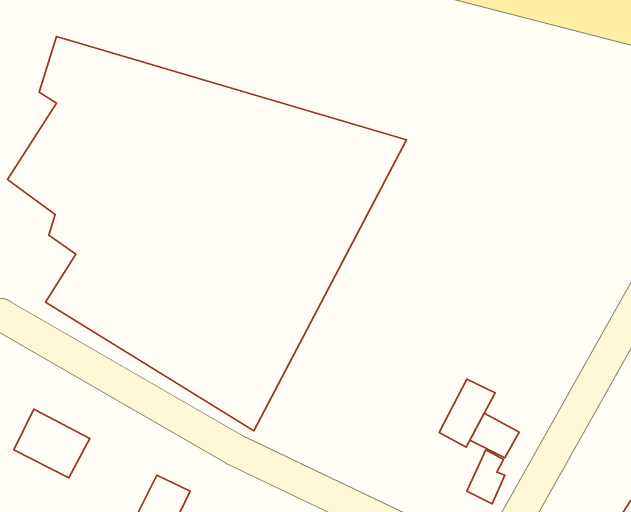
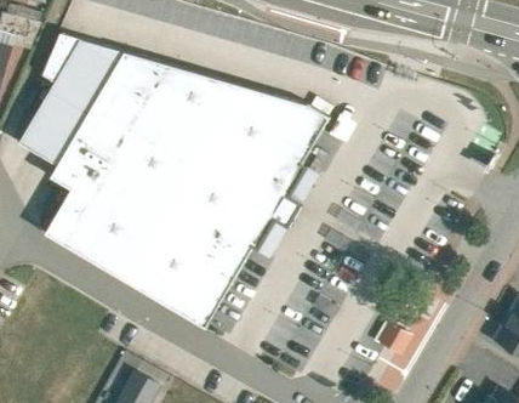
building: [439,379,495,447] -> none
building: [14,409,90,478] -> none

